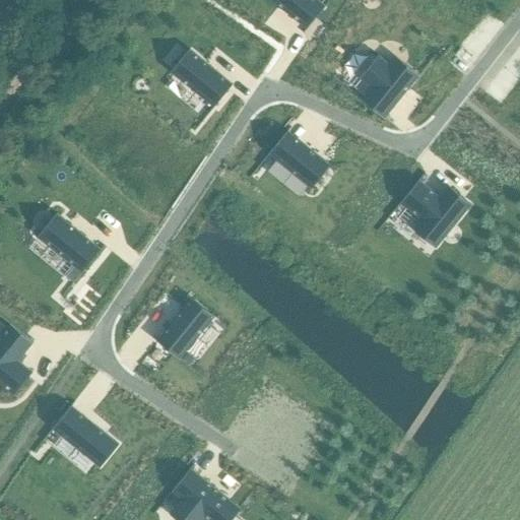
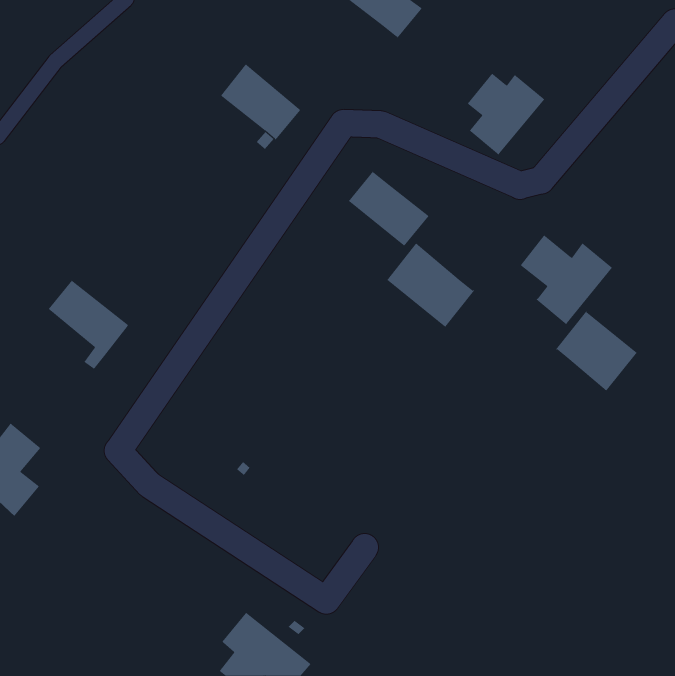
building: none -> [386,243,474,329]
building: none -> [556,310,638,392]
building: [154,298,213,360] -> none
building: [50,405,117,468] -> none

